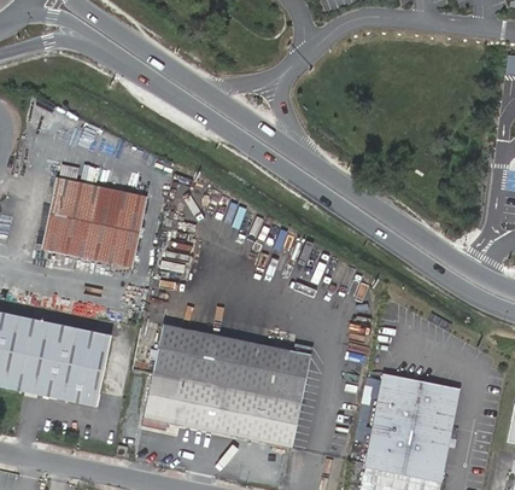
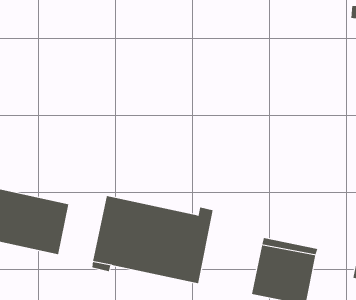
building: [43,176,147,267] -> none

